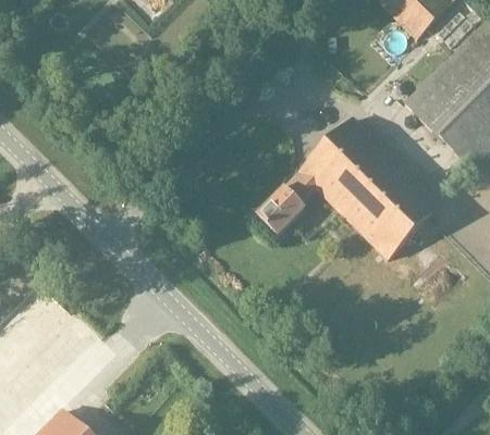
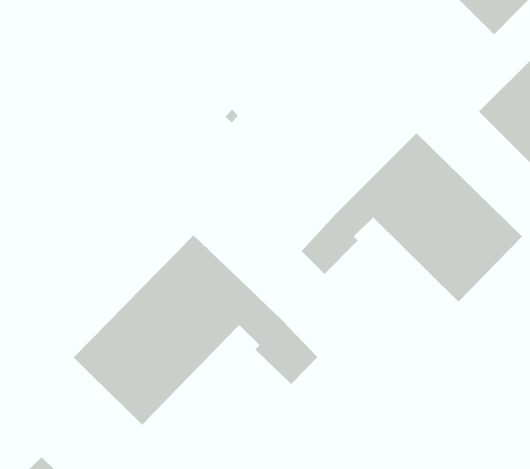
building: none -> [73,235,318,425]

